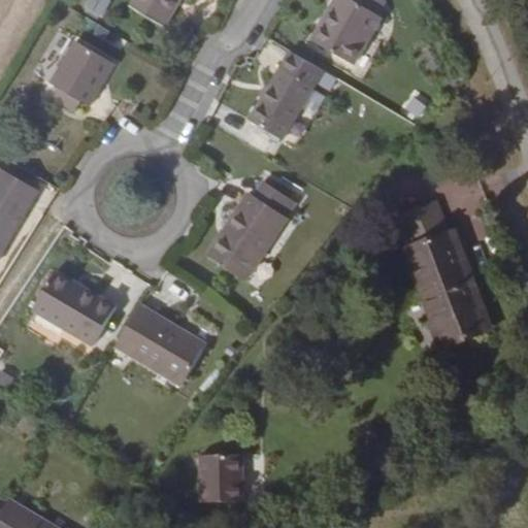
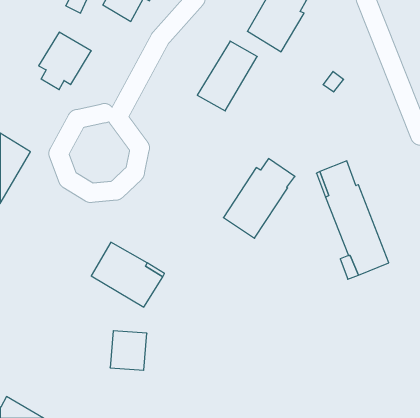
building: [206,180,296,280] -> [223,159,295,238]
building: [31,270,117,345] -> none
building: [204,447,251,496] -> [110,331,147,370]

